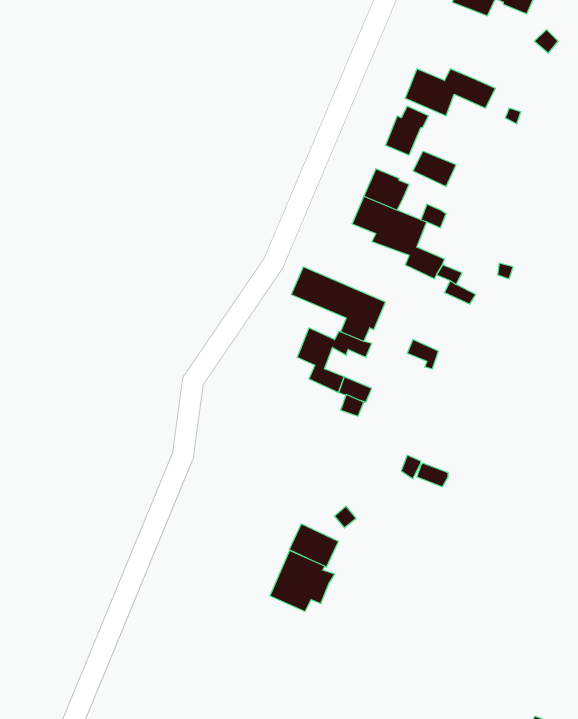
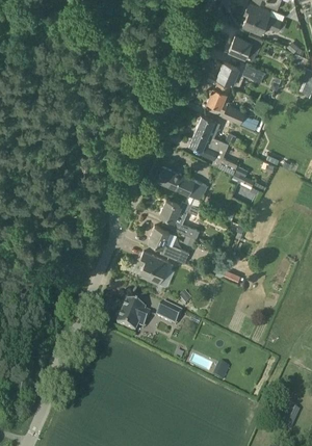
building: none -> [229,34,263,59]
building: none -> [148,225,182,260]
building: none -> [137,251,168,284]
building: [270,551,335,611] -> [116,300,151,333]

